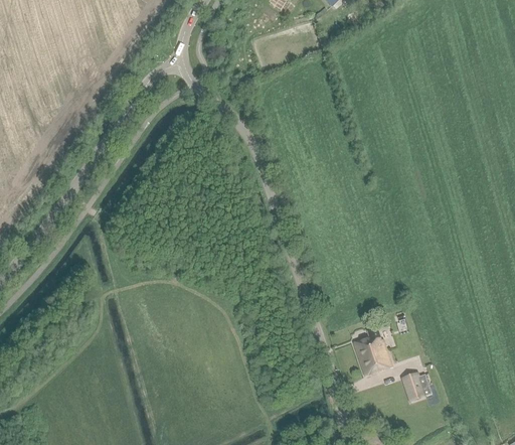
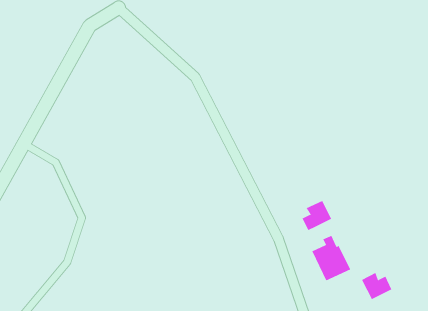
building: none -> [302,200,332,231]

